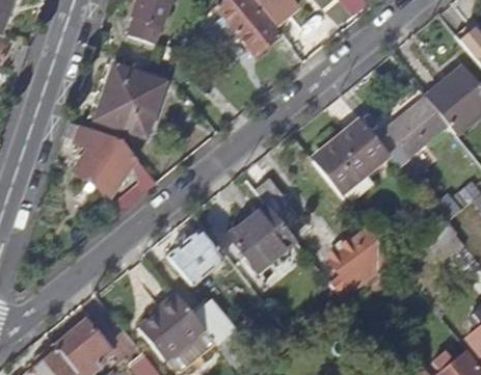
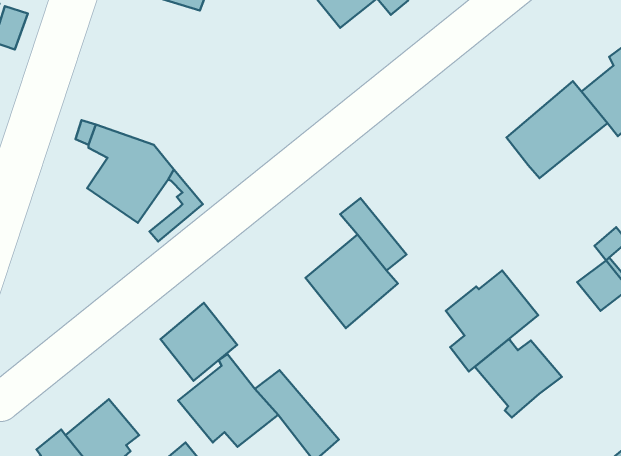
building: [95,64,164,136] -> none
building: [314,118,390,193] -> none
building: [168,229,223,285] -> [160,303,237,381]
building: none -> [475,339,562,417]

